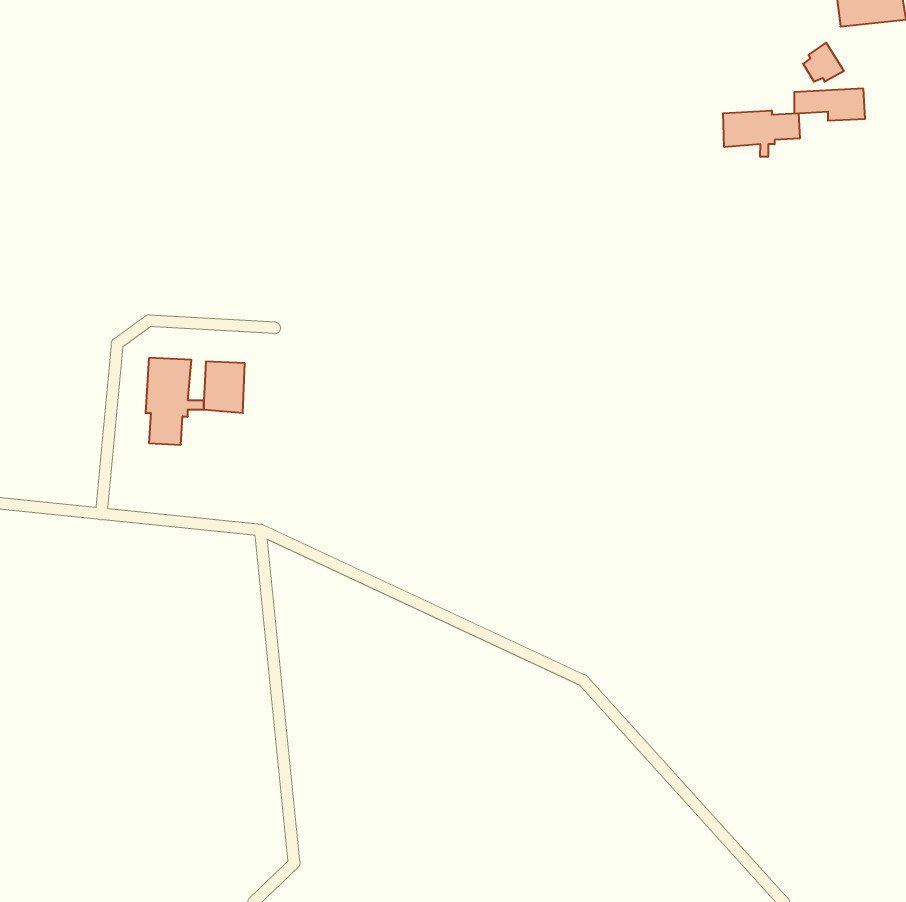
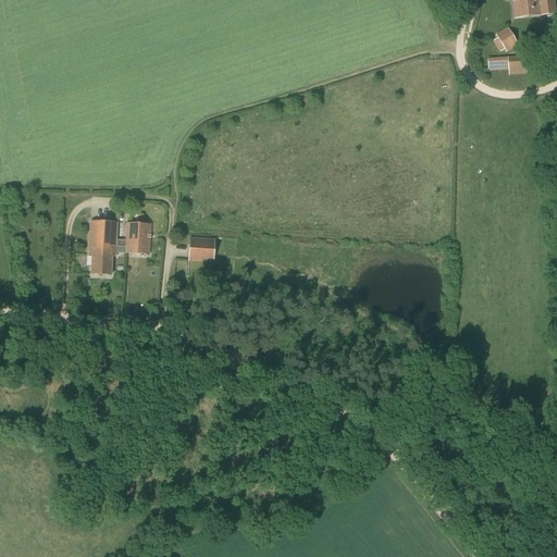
building: [723,110,800,157] -> none
building: none -> [188,236,214,261]

